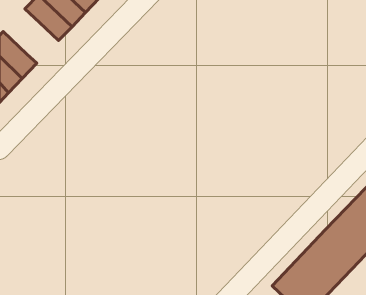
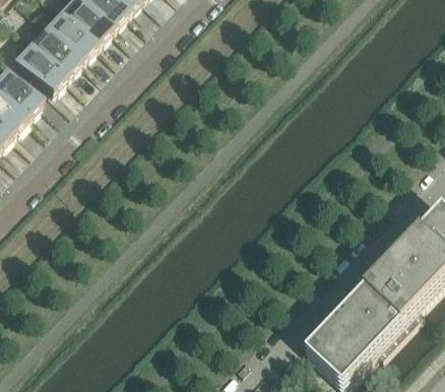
building: none -> [13,41,67,93]

